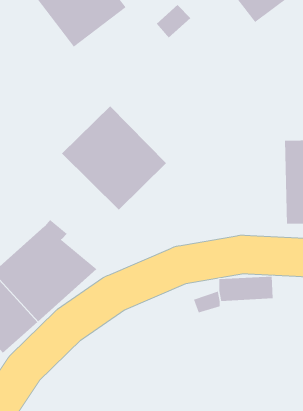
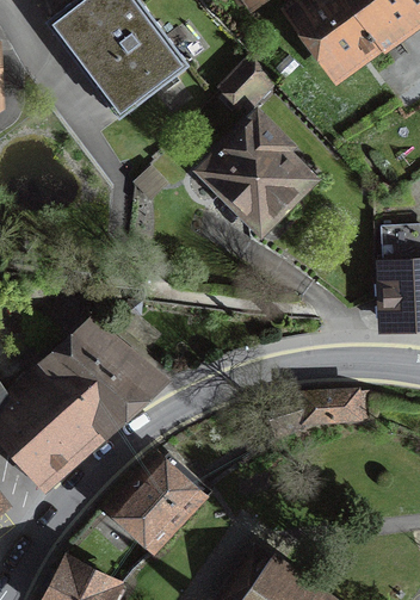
building: [61,105,167,210] -> [198,105,327,233]
building: none -> [115,463,210,549]

